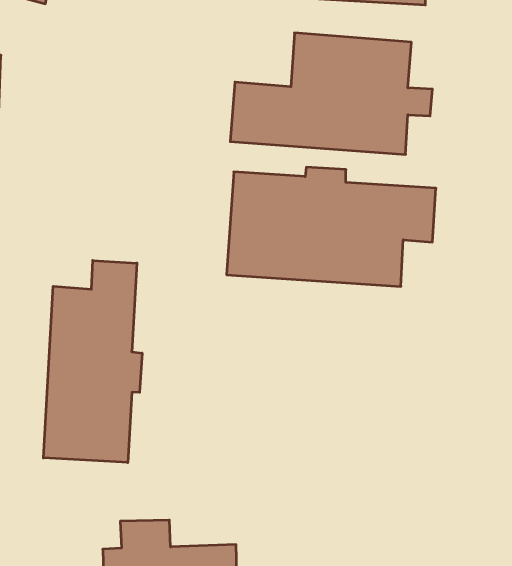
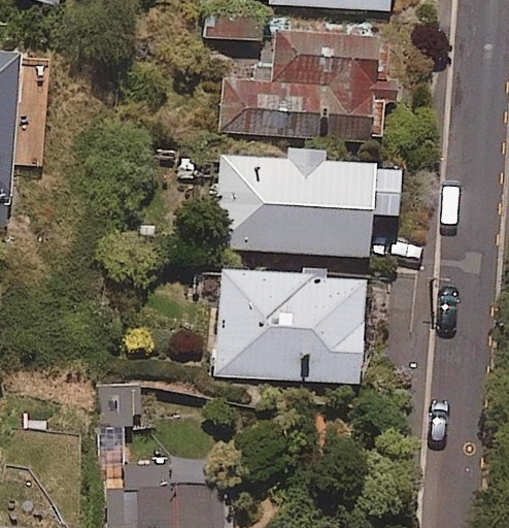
building: [43,260,142,463] -> none
building: none -> [216,270,366,380]

